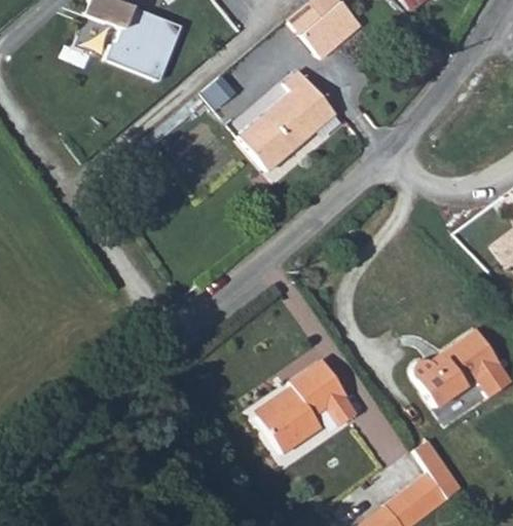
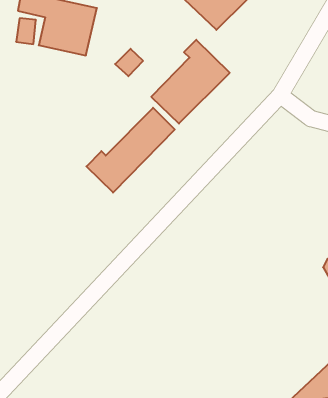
building: none -> [86,108,175,193]
building: [254,356,355,450] -> none

